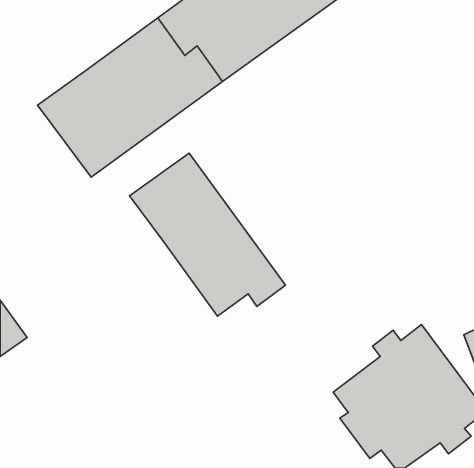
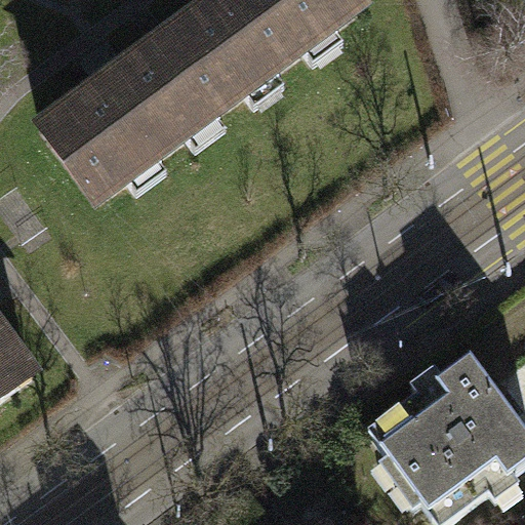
building: [130,153,285,316] -> none

